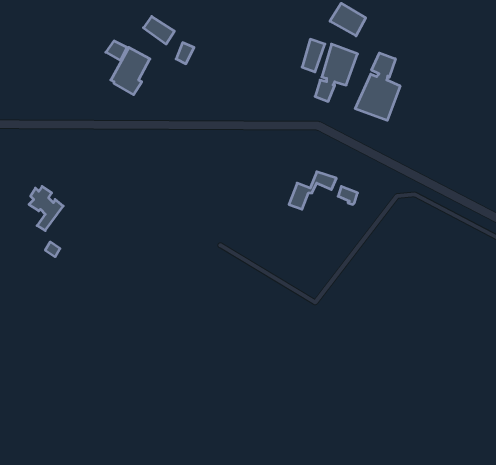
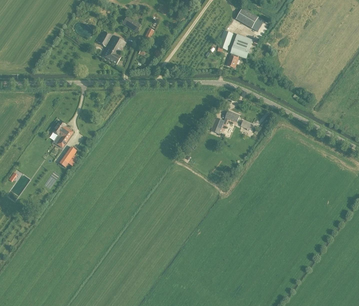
building: [355,53,400,120] -> none

